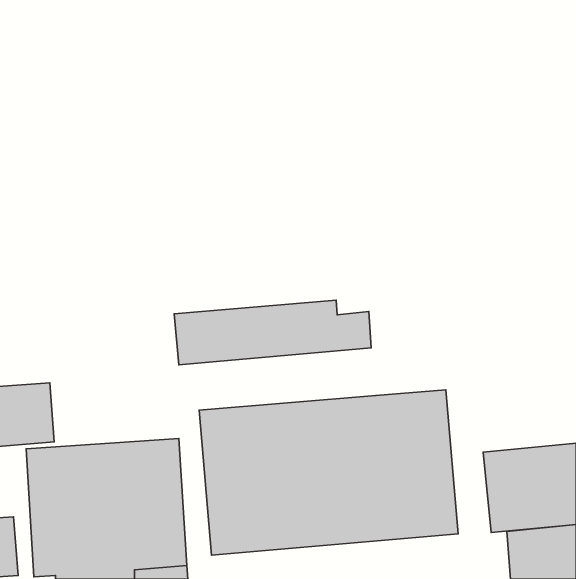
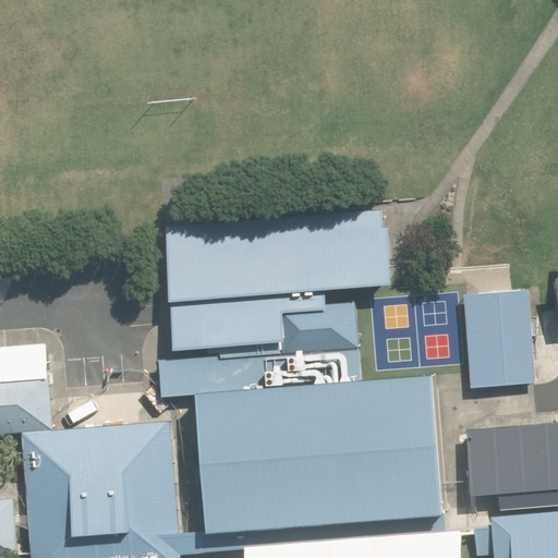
building: none -> [161,210,390,302]
building: none -> [462,290,534,388]
building: none -> [156,335,362,398]

